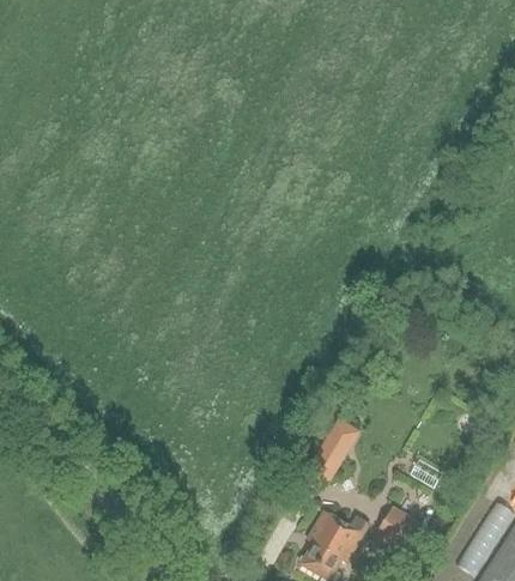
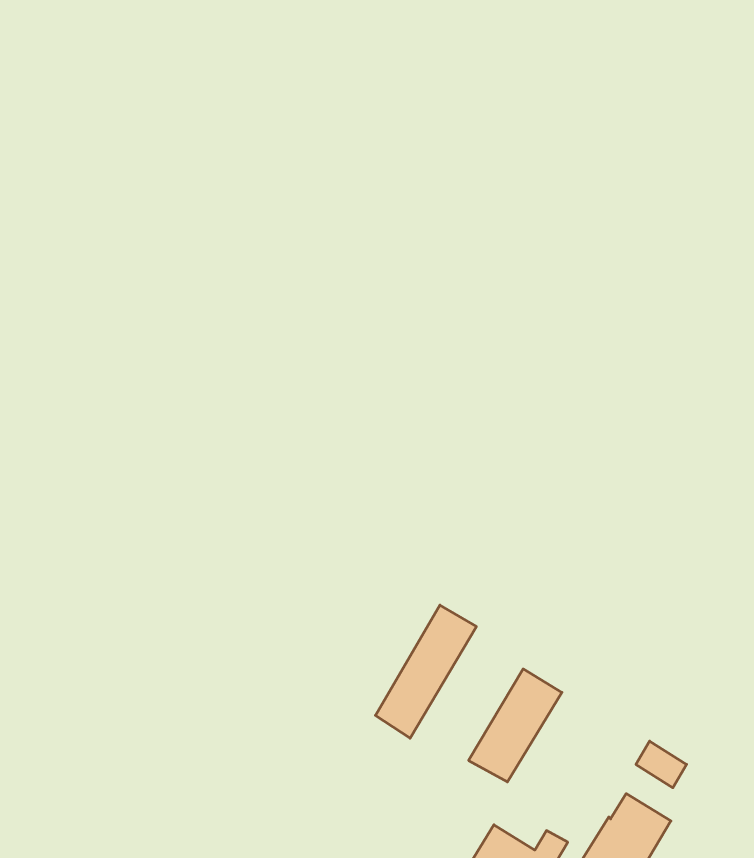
building: none -> [375,605,476,738]

